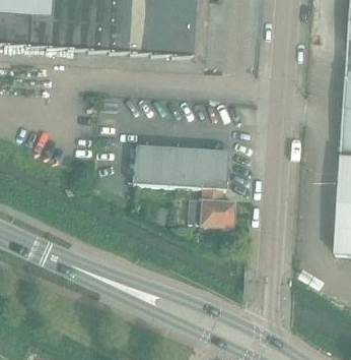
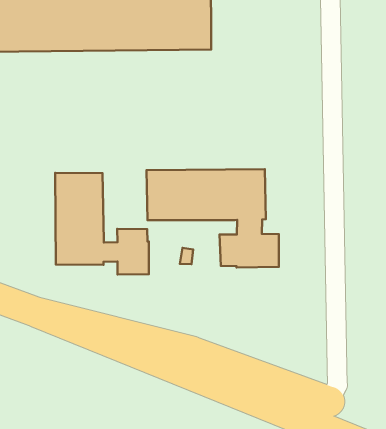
building: none -> [55,173,149,275]

